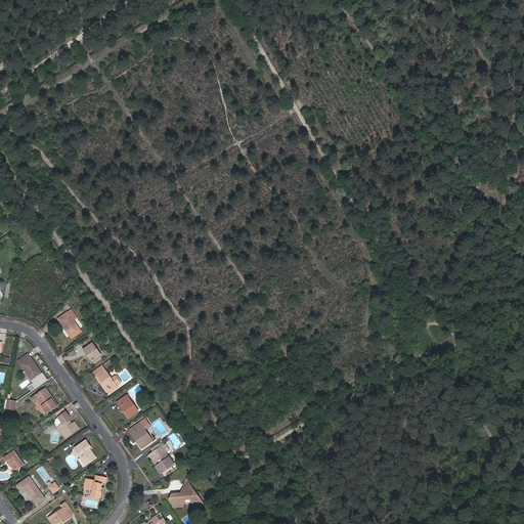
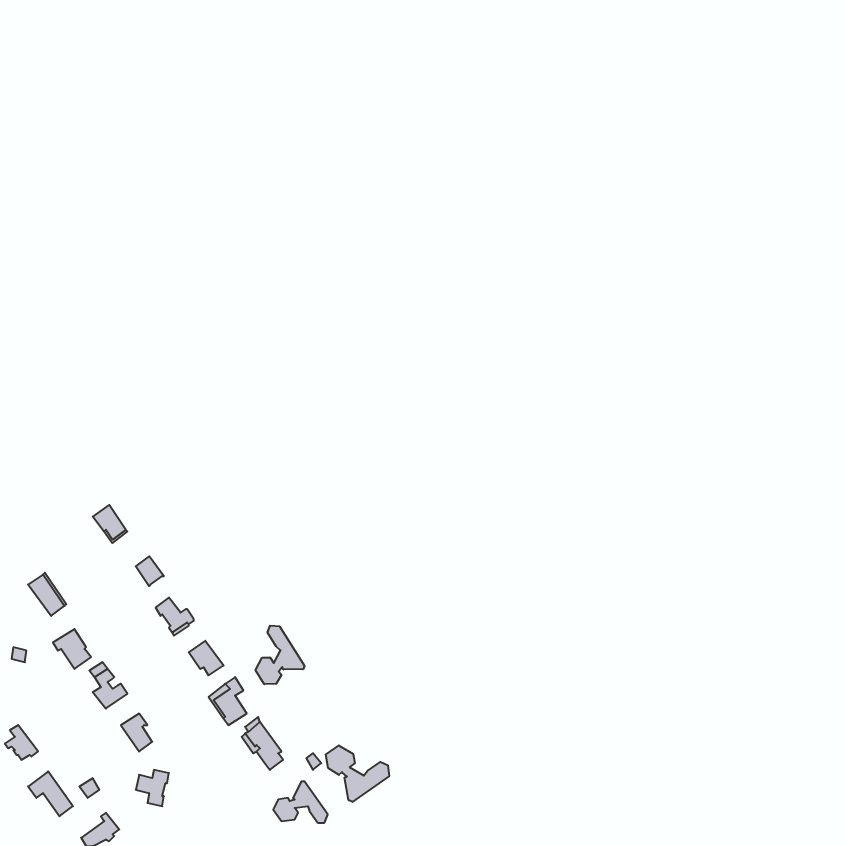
building: none -> [256,626,304,684]
building: none -> [326,745,389,802]

